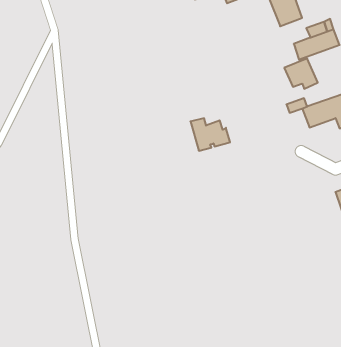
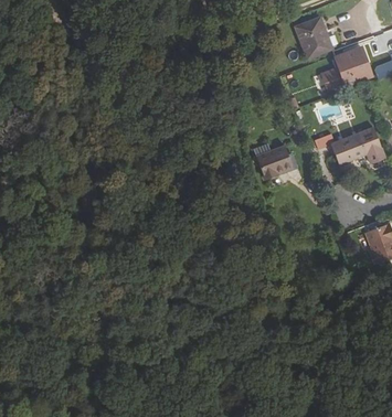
building: [190,118,230,151] -> [253,146,295,180]

